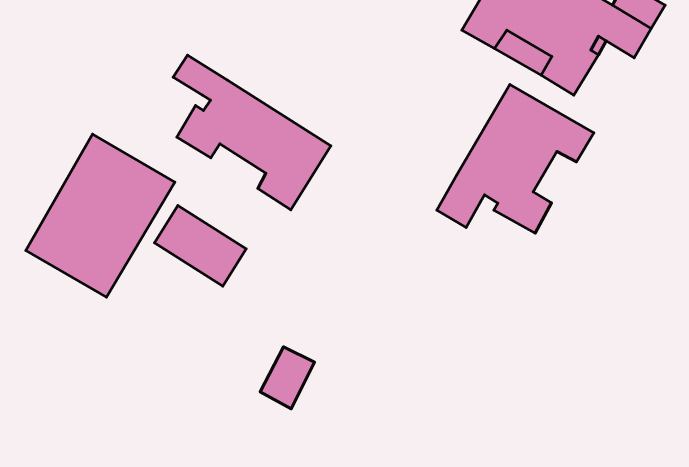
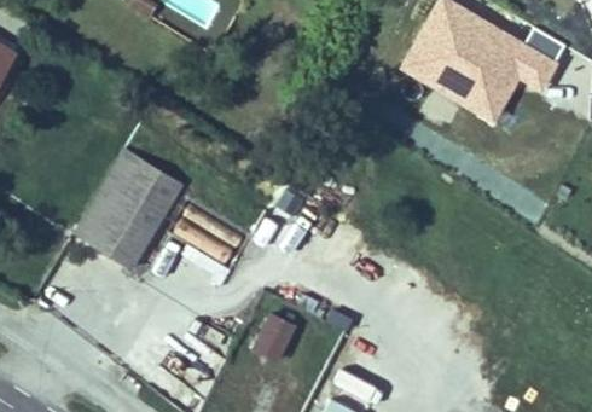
building: [173,55,331,210] -> none
building: [437,84,594,233] -> none

